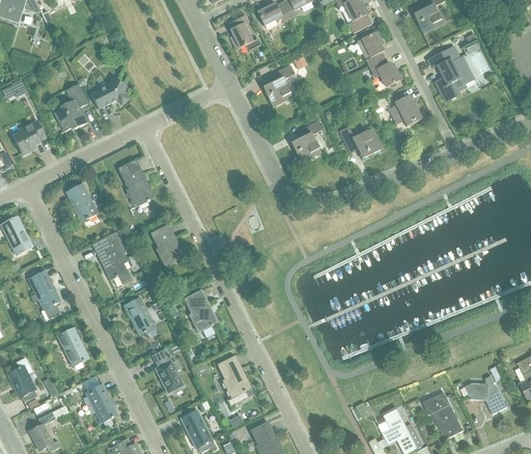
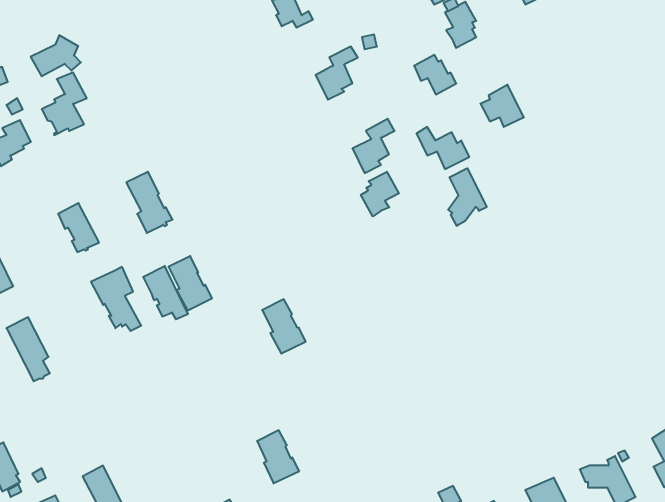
building: [427,45,474,98] -> none
building: [369,57,401,87] -> [414,55,456,94]
building: [90,78,129,109] -> [31,35,81,76]
building: none -> [448,168,487,226]
building: none -> [361,172,399,216]
building: [184,290,217,332] -> [262,299,306,354]
building: [123,296,158,337] -> [143,266,188,319]
building: [56,328,88,366] -> none
building: [152,348,183,393] -> none

